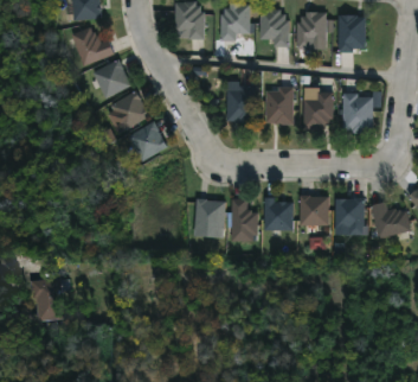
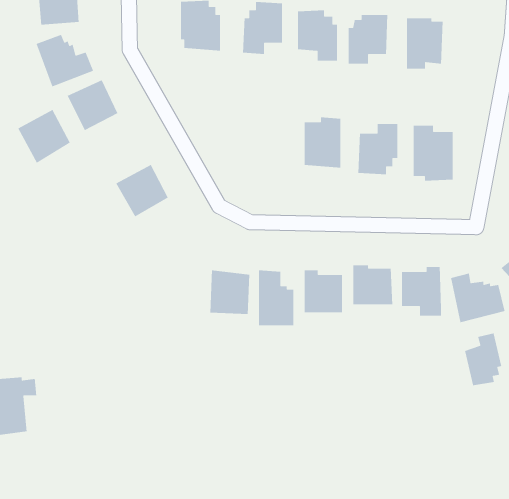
building: [227,85,255,123] -> none
building: [109,91,148,132] -> [17,109,71,164]
building: none -> [464,332,502,386]

